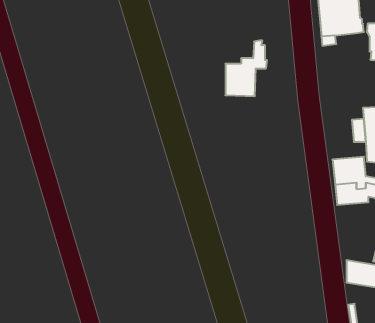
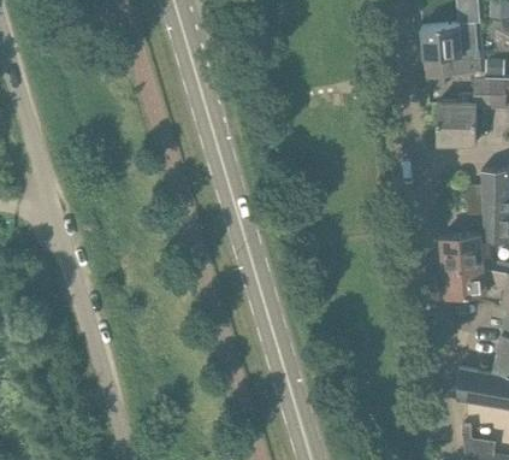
building: [225,41,267,96] -> [438,71,492,143]

